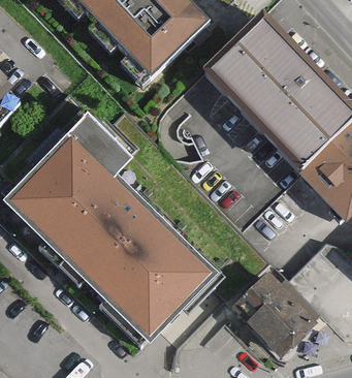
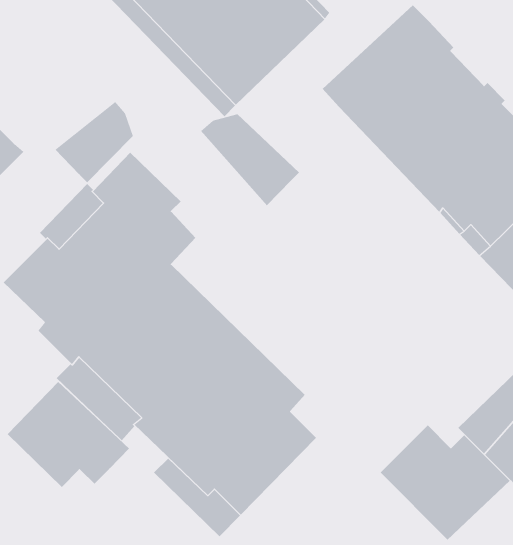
building: none -> [54,101,134,183]
building: none -> [200,114,300,206]
building: none -> [7,381,130,488]

